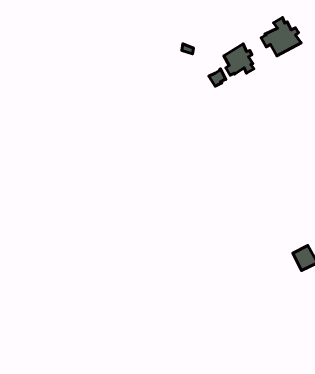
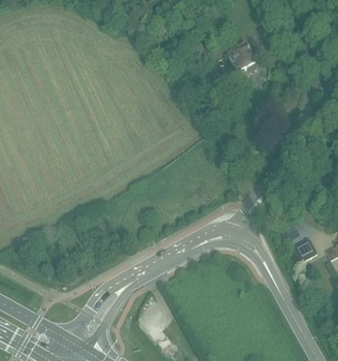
building: [261,18,301,56] -> none

